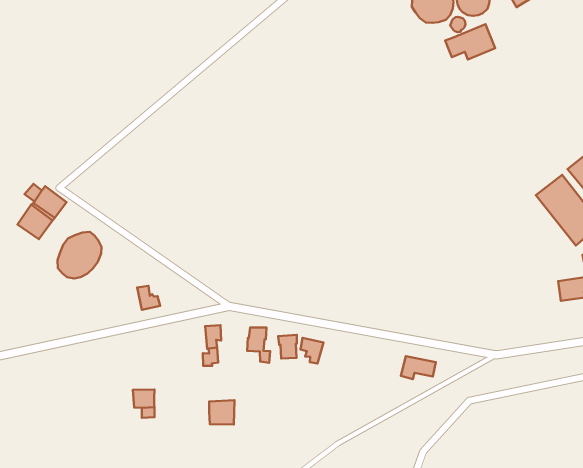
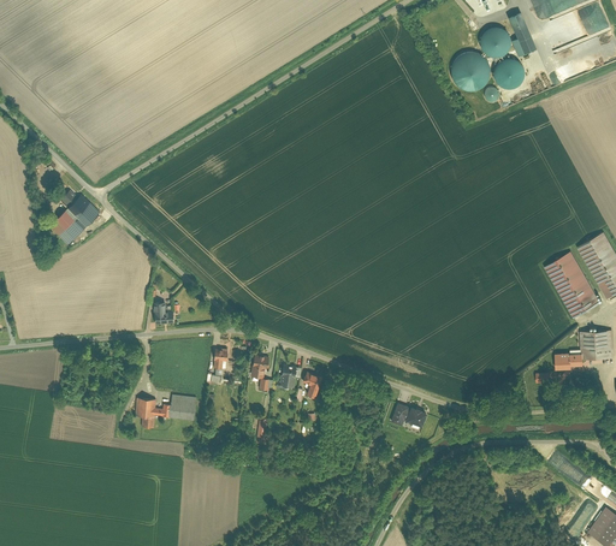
building: [445,24,495,59] -> none
building: [58,232,101,279] -> none
building: [209,400,234,425] -> [170,394,196,420]

